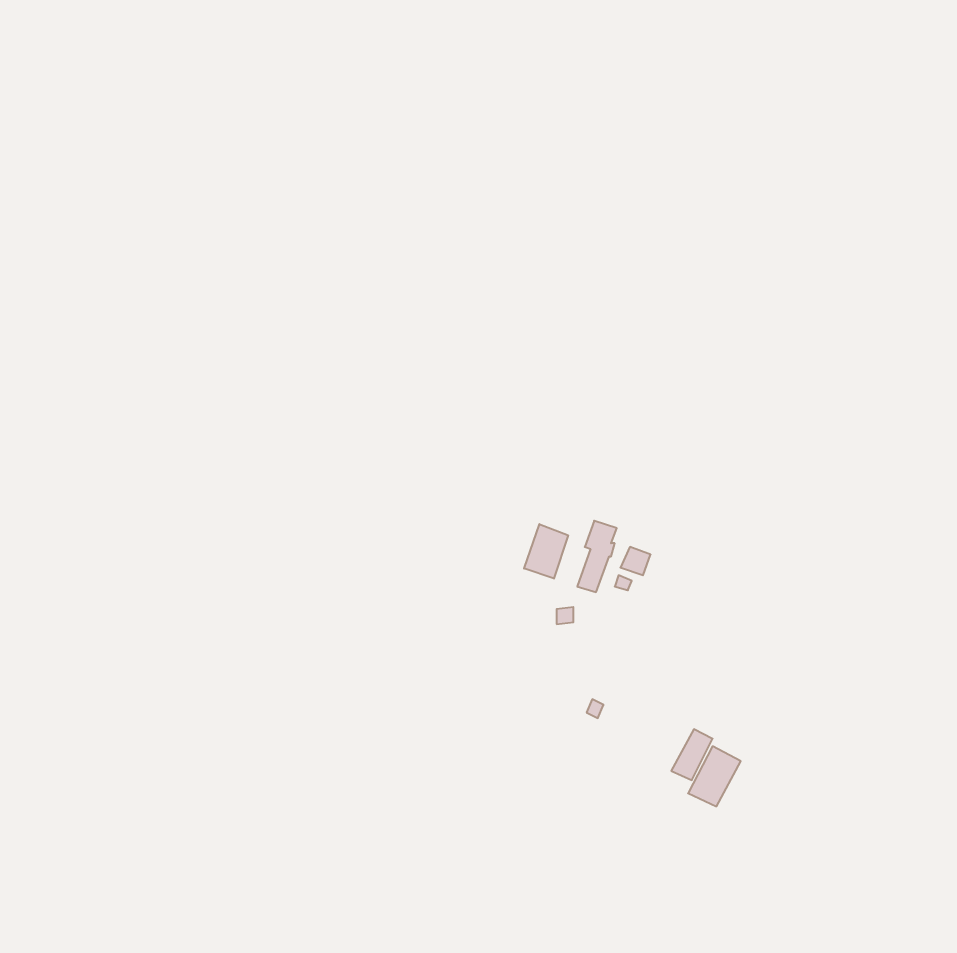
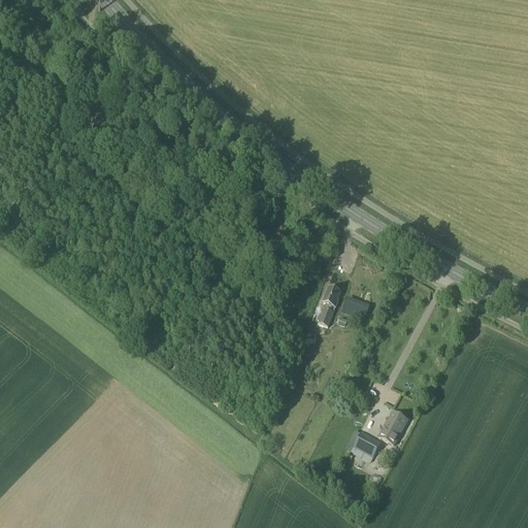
building: [524,524,568,579] -> none
building: none -> [352,431,382,461]

